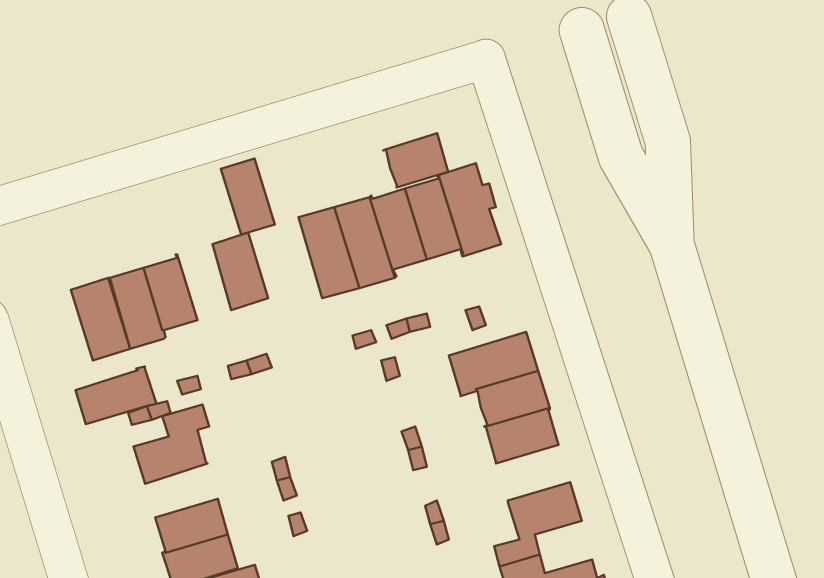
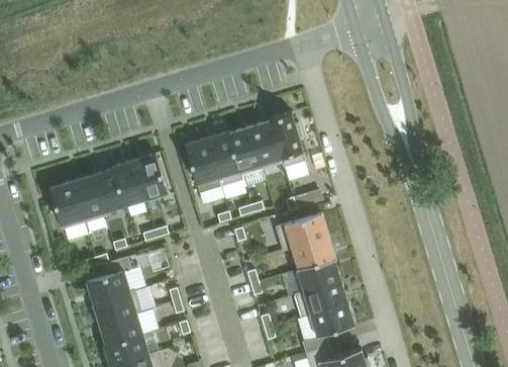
building: [383,133,448,187] -> none
building: [221,159,275,235] -> [112,160,144,205]
building: [76,367,157,424] -> [93,289,141,324]
building: none -> [294,280,347,317]

